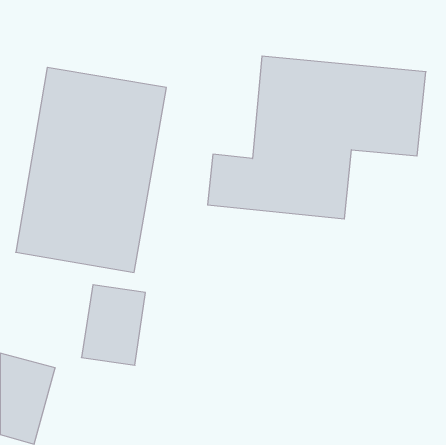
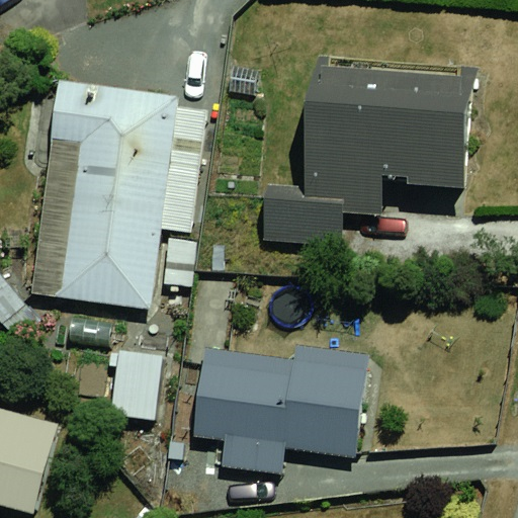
building: none -> [189,337,369,480]

